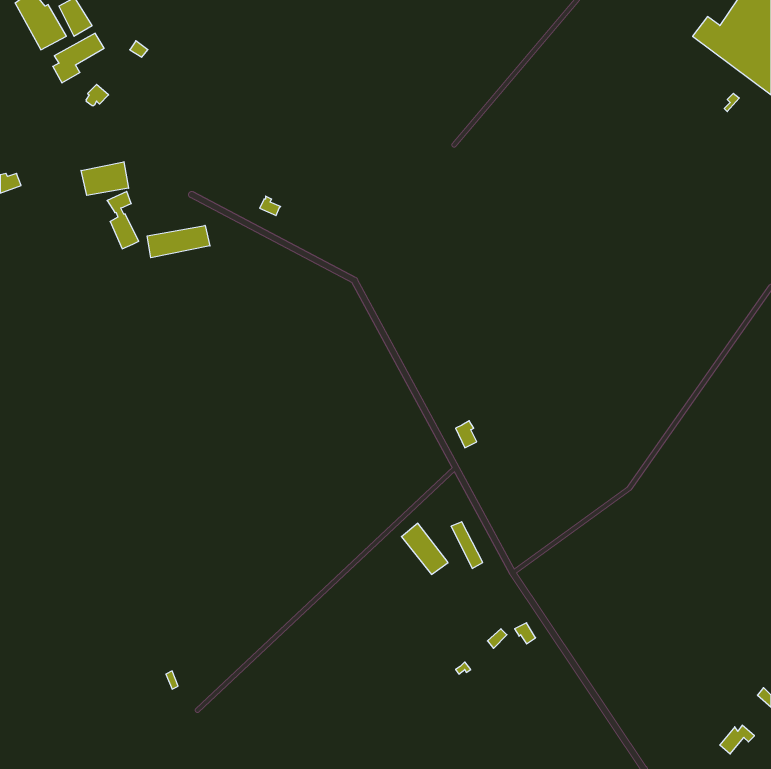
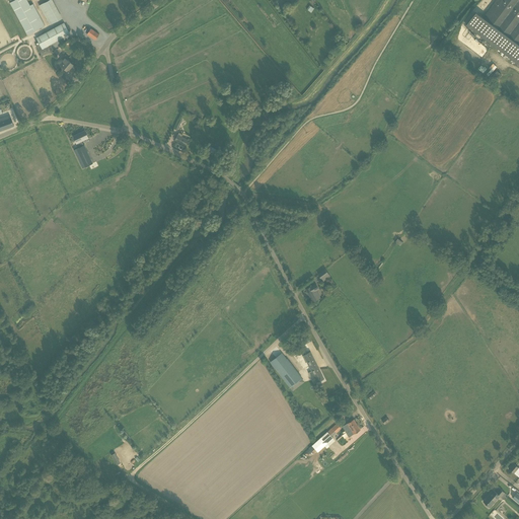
building: [81,162,129,195] -> none
building: [147,225,210,258] -> none

